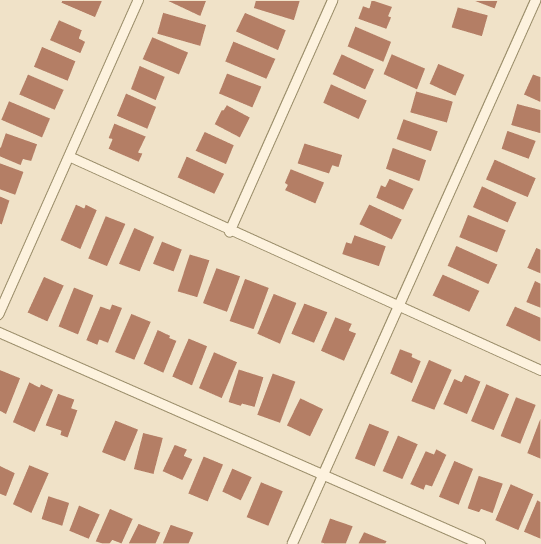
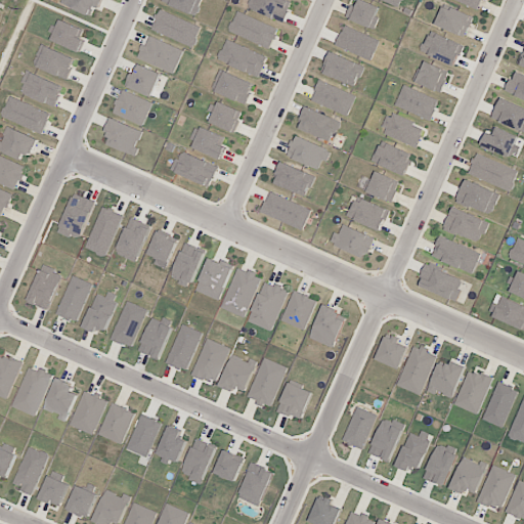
building: [383,53,426,91] -> [420,31,462,67]
building: none -> [296,107,337,140]
building: none -> [259,191,310,230]
building: none -> [69,391,106,435]

